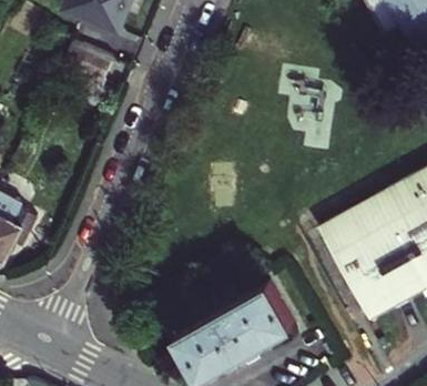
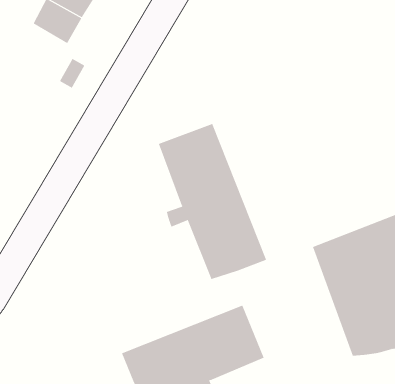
building: none -> [158,123,267,280]

